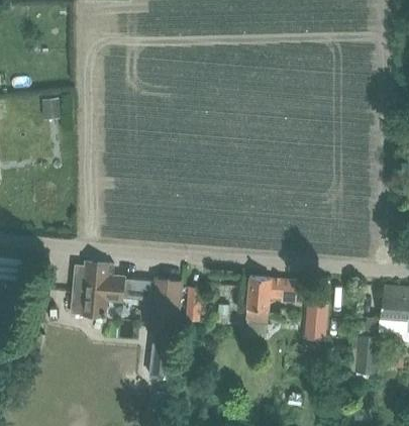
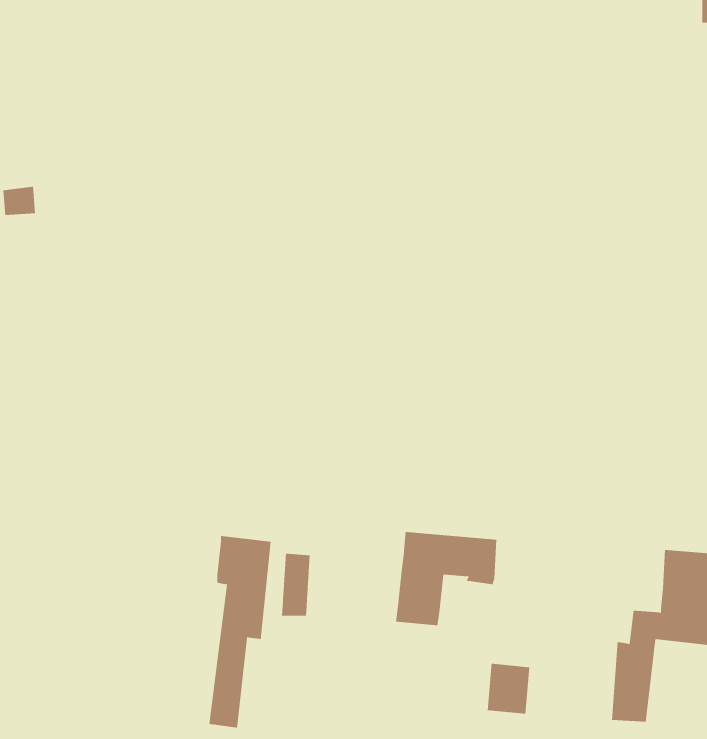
building: [70,262,155,317] -> none
building: [305,303,327,329] -> [487,663,530,714]

